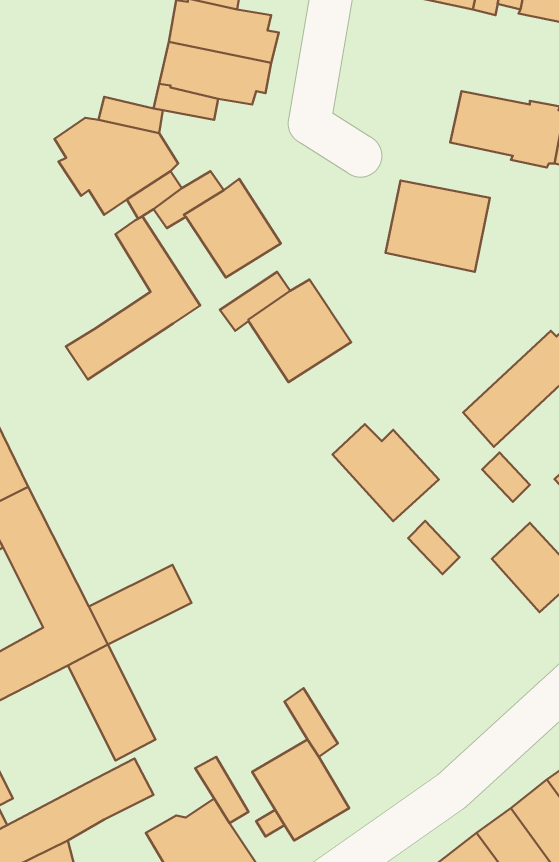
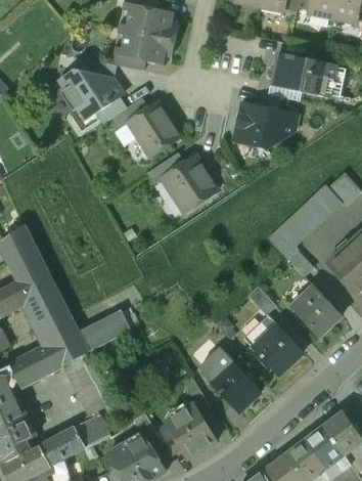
building: [66,216,200,379] -> none
building: [332,424,439,521] -> [244,322,302,375]
building: none -> [199,348,260,412]

